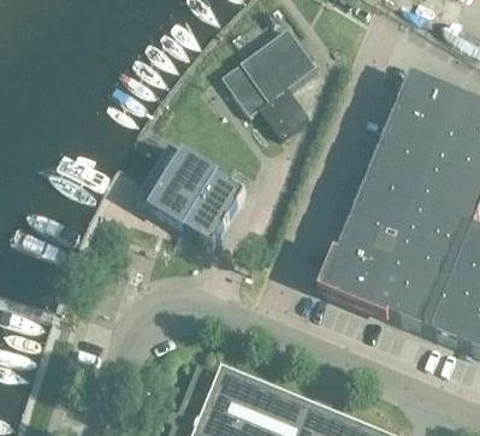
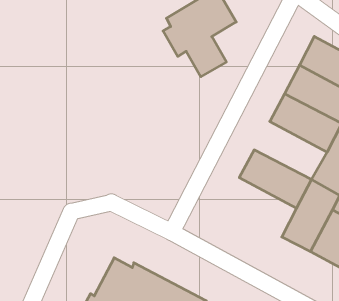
building: [136,142,245,243] -> none
building: [352,181,440,246] -> none
building: [324,252,410,318] -> none

